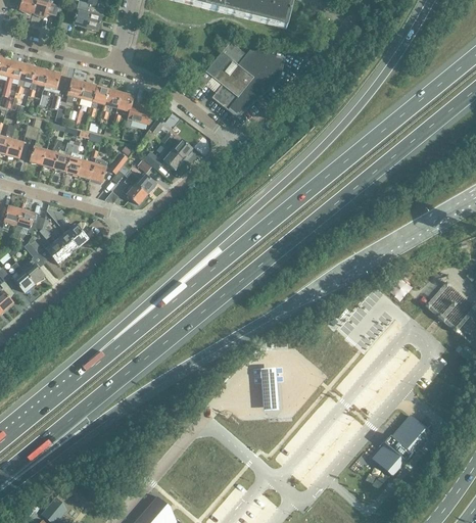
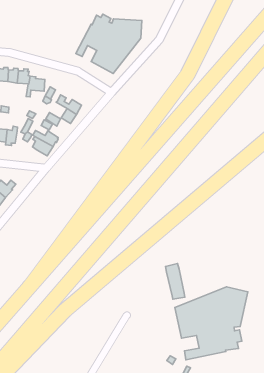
building: none -> [175,287,248,360]

